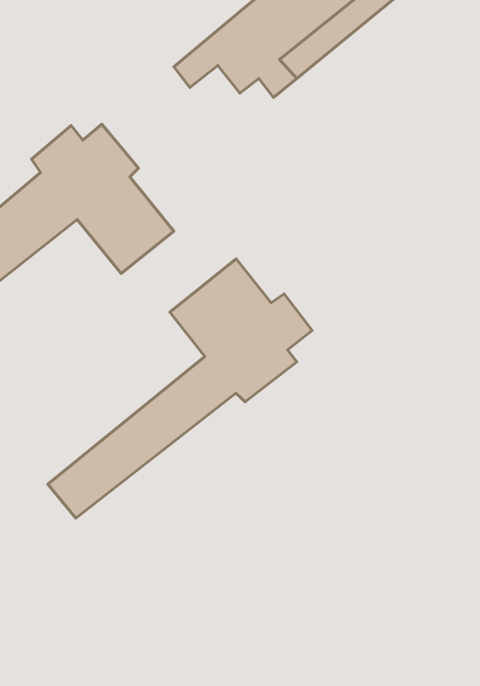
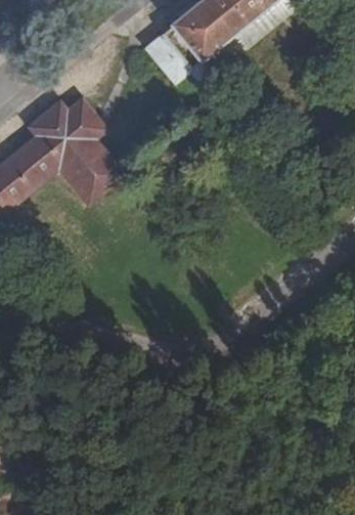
building: [48,259,312,518] -> none

